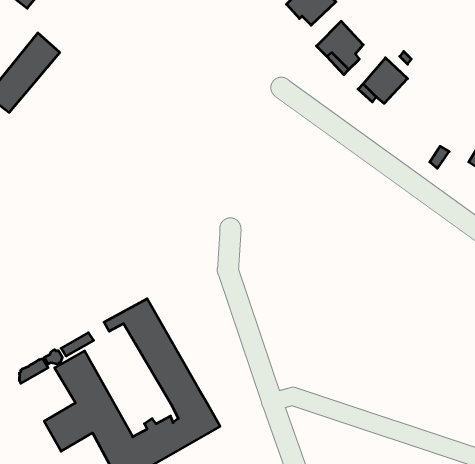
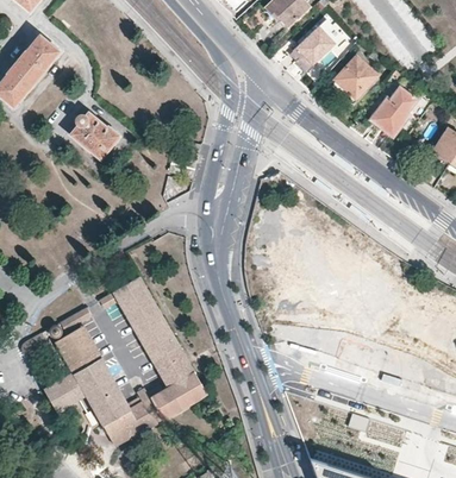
building: none -> [370,87,417,137]
building: none -> [70,115,121,161]

